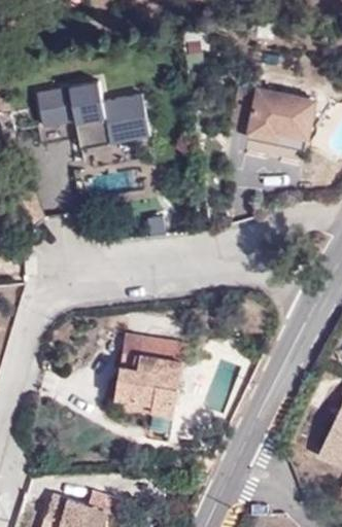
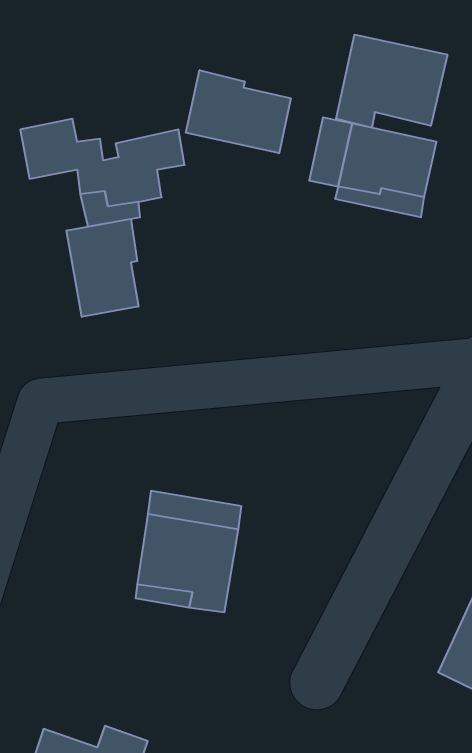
building: none -> [336,35,447,128]
building: none -> [186,70,291,153]
building: none -> [66,219,138,317]

